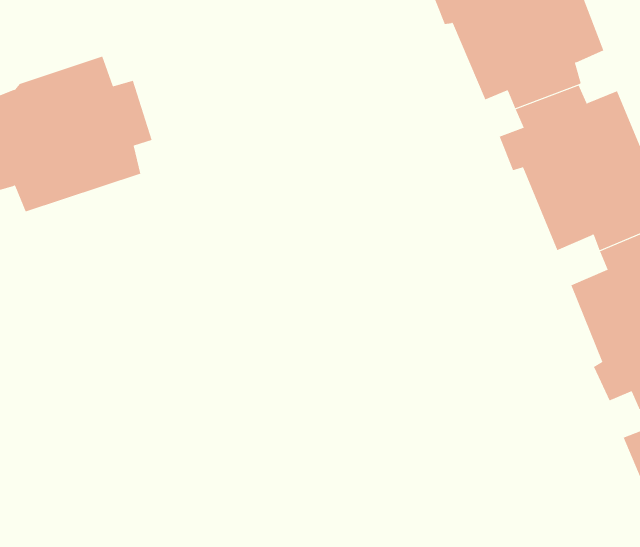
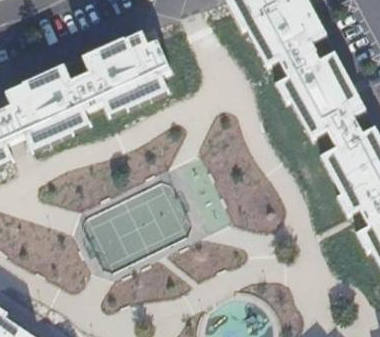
building: none -> [85,30,174,113]

